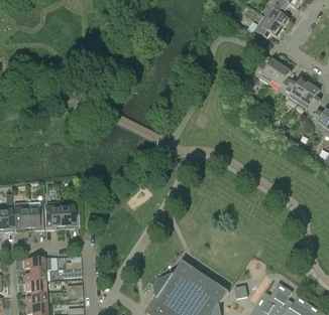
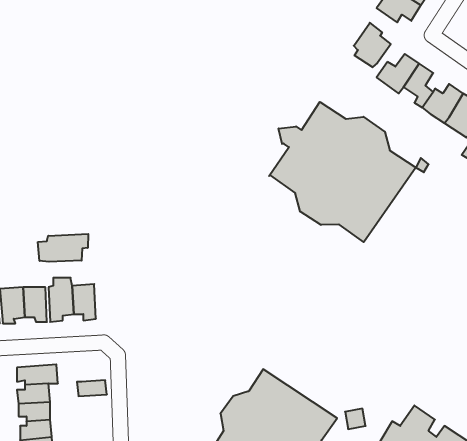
building: none -> [354,23,391,67]
building: none -> [269,102,416,242]
building: none -> [38,234,88,262]

